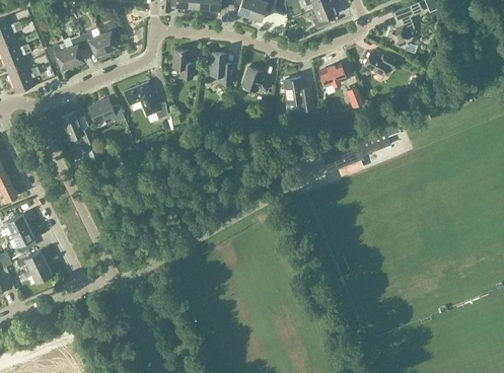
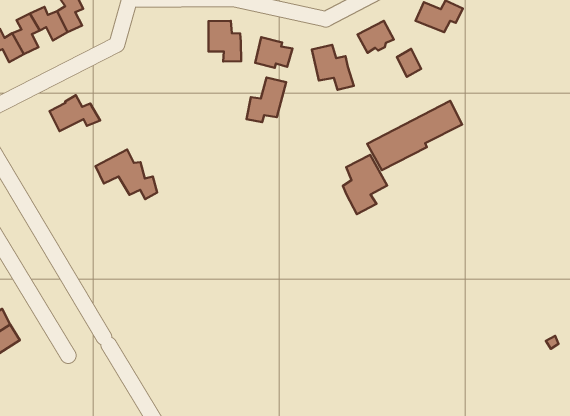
building: [172,50,194,79] -> none
building: [124,82,167,120] -> [95,150,157,199]
building: none -> [246,77,286,122]
building: [61,111,94,145] -> none
building: none -> [343,155,387,214]

